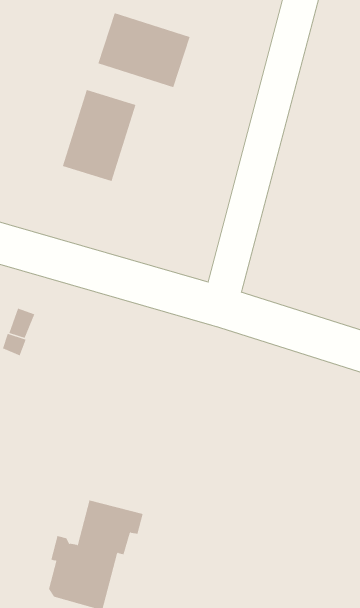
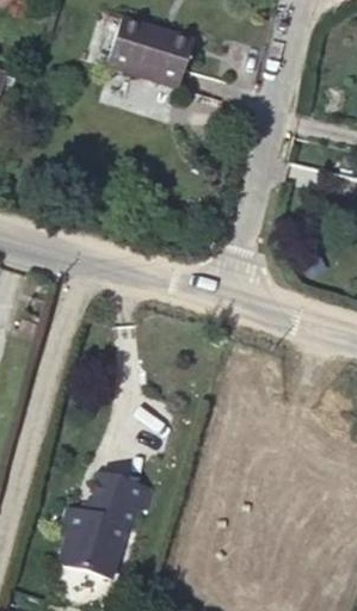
building: [62,89,136,182] -> none

